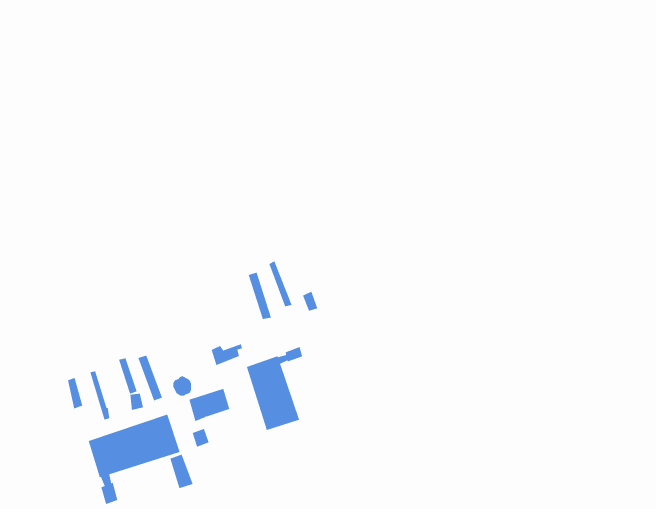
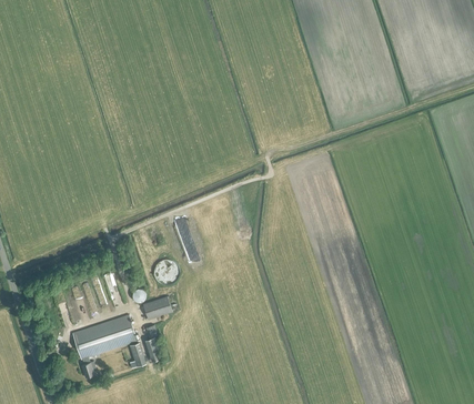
building: [246,346,303,431] -> none

